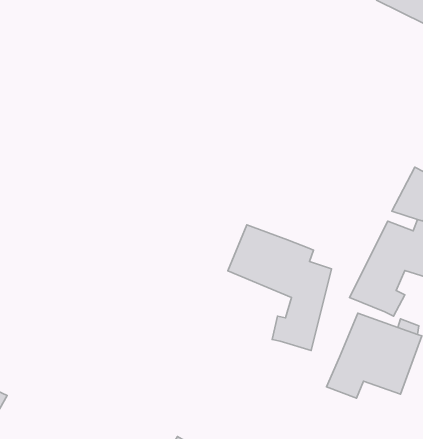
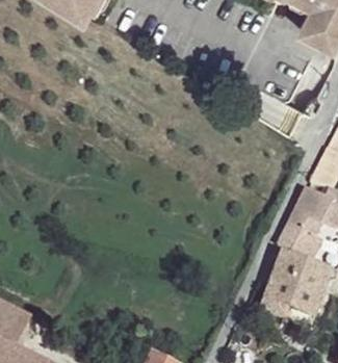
building: [228,225,332,351] -> none

